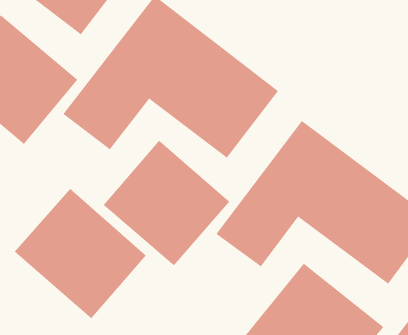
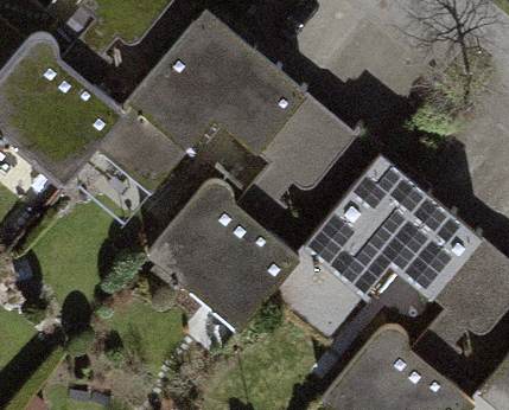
building: [14,188,146,319] -> none

